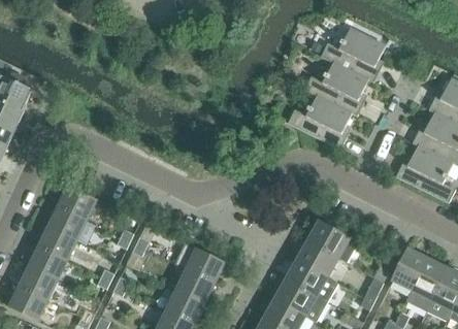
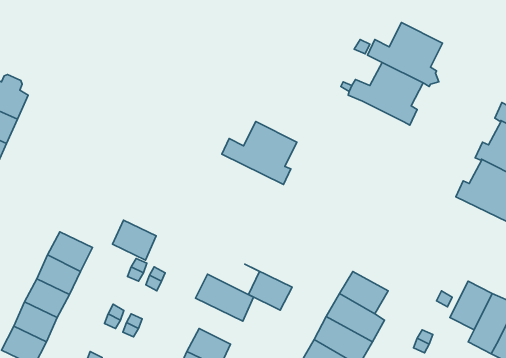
building: [288,95,352,149] -> [222,122,297,185]
building: [59,186,96,220] -> [113,220,156,260]
building: [308,220,357,262] -> none
building: [174,263,215,302] -> [245,264,292,310]

